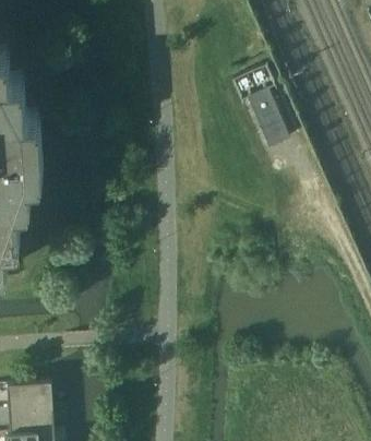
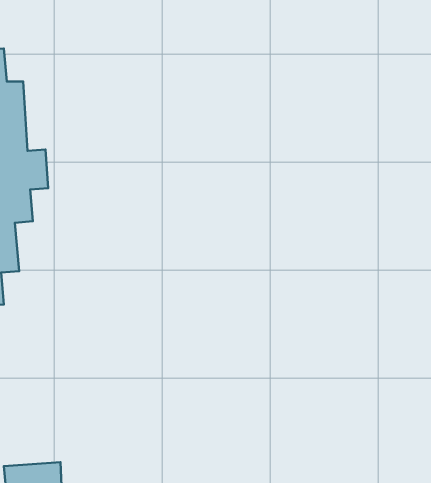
building: [249,90,291,147] -> none

